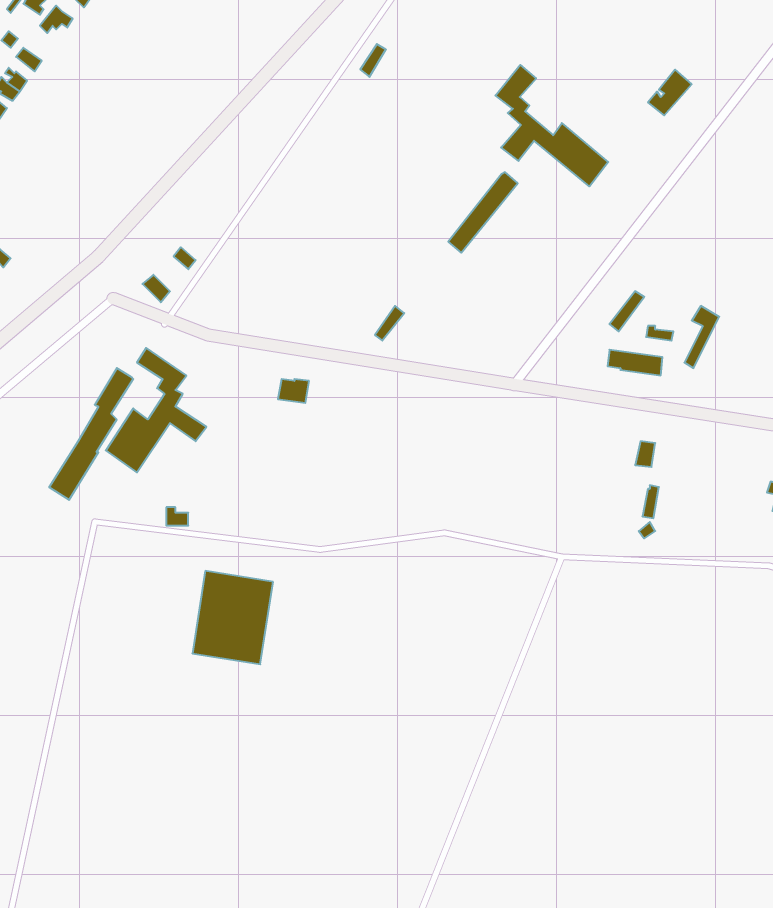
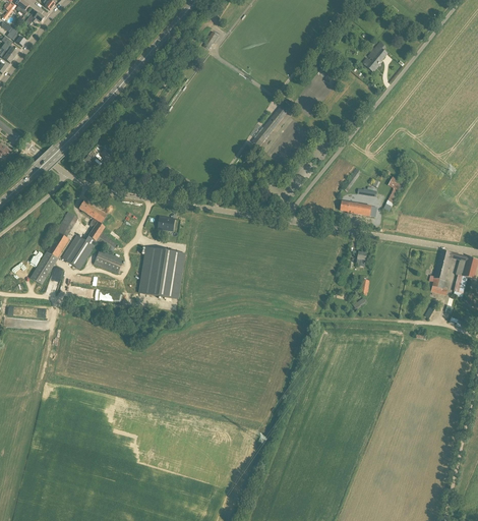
building: [495,65,608,186] -> none
building: none -> [94,248,123,273]
building: [192,571,273,664] -> [140,246,185,298]

